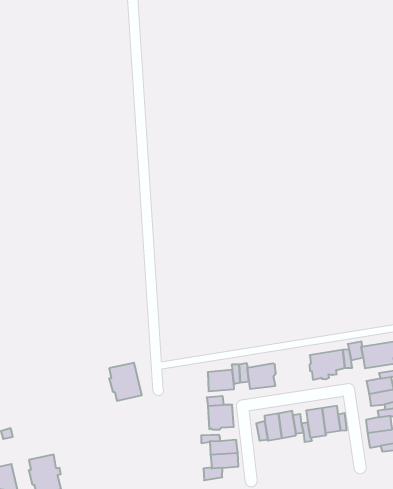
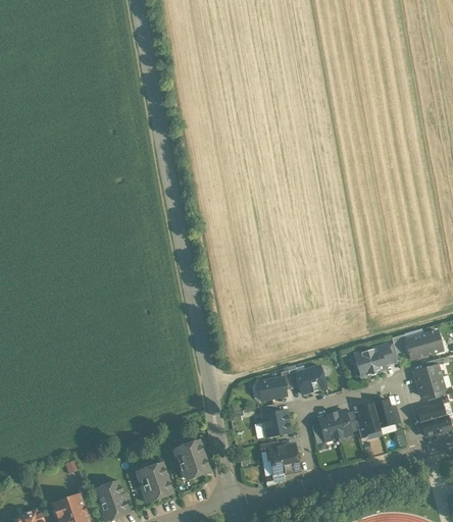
building: [109,363,142,401] -> [174,440,209,479]
building: none -> [138,463,171,502]

